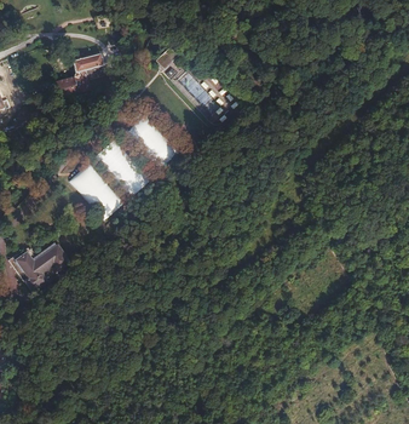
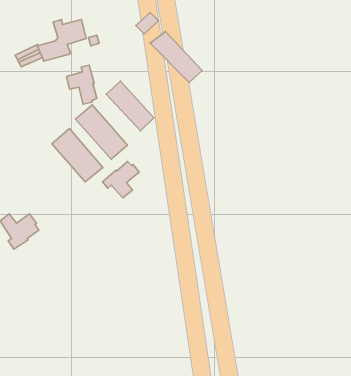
building: none -> [67,65,97,104]
building: none -> [103,162,139,198]

